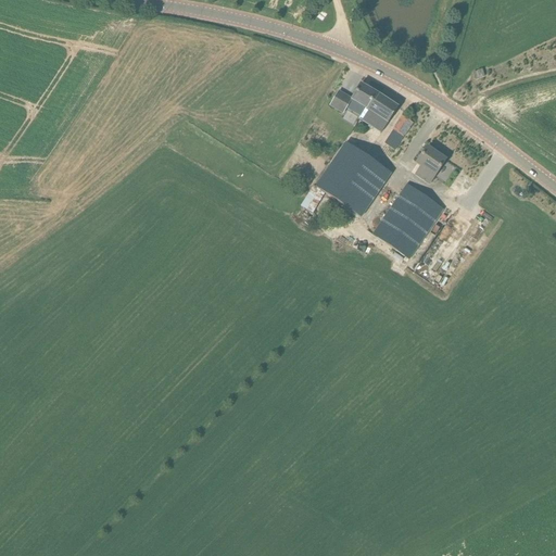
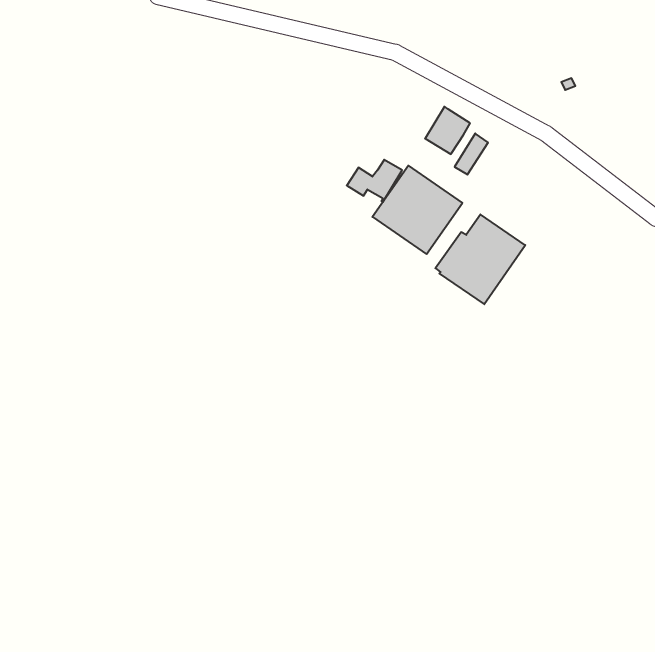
building: [330,81,377,117] -> [347,160,402,202]
building: [415,144,446,182] -> none

